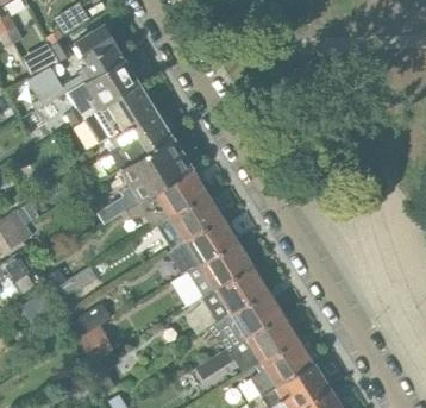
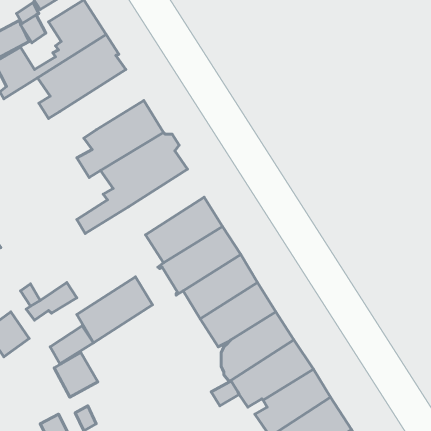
building: [83,86,155,146] -> none
building: [142,170,206,226] -> [77,277,152,343]

